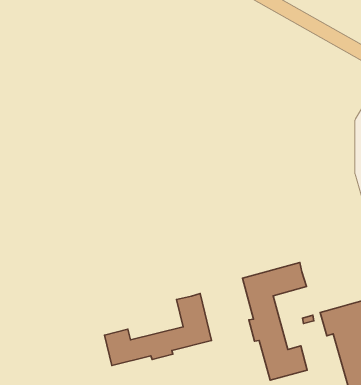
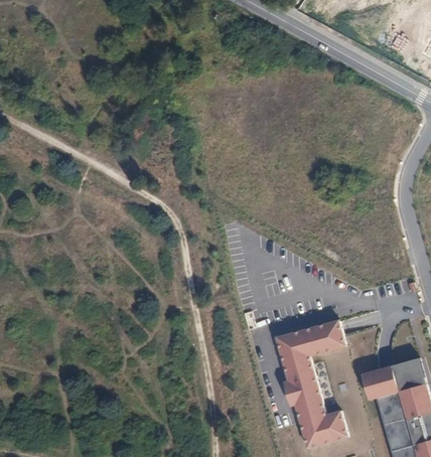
building: [104,293,212,365] -> none

